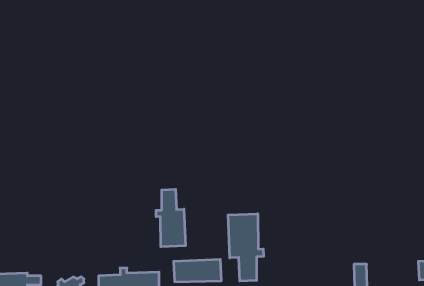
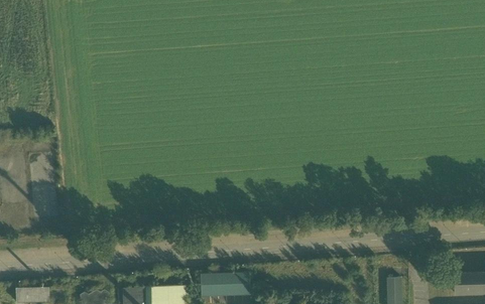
building: [156,189,185,247] -> none
building: [228,214,264,281] -> none

